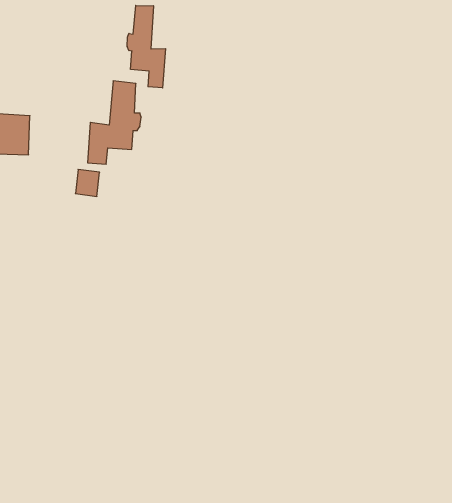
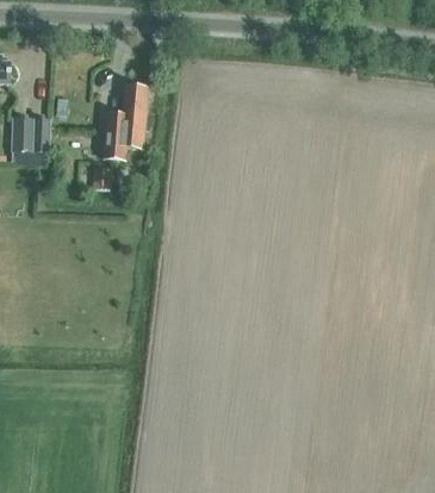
building: [127,5,166,88] -> none

